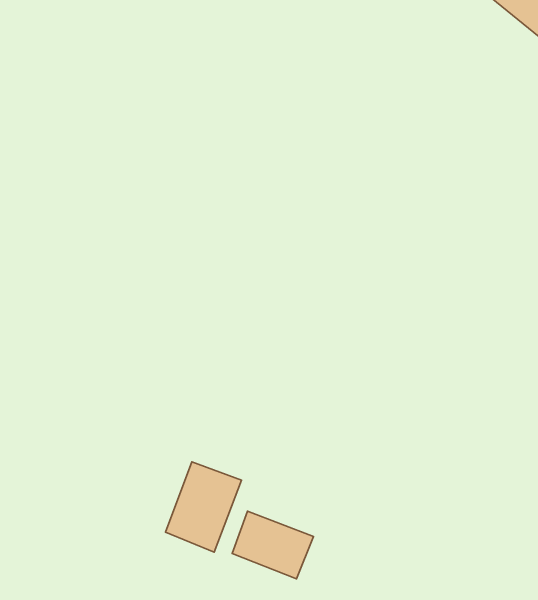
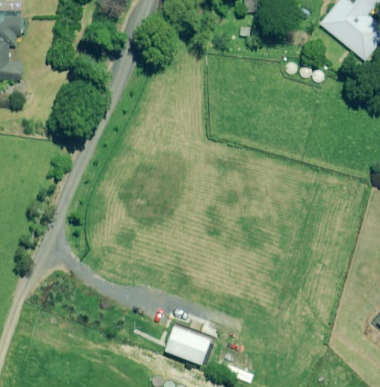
building: [165,462,242,552] -> none

